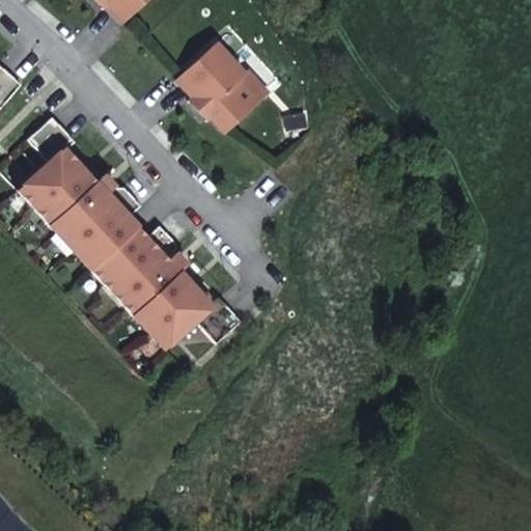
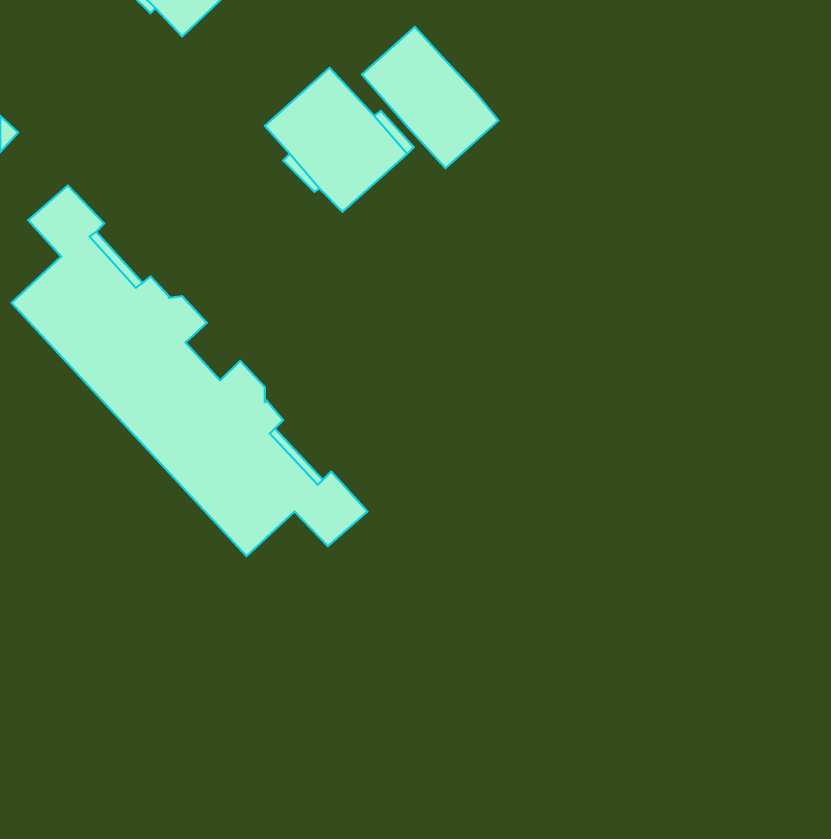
building: none -> [362,27,499,168]

